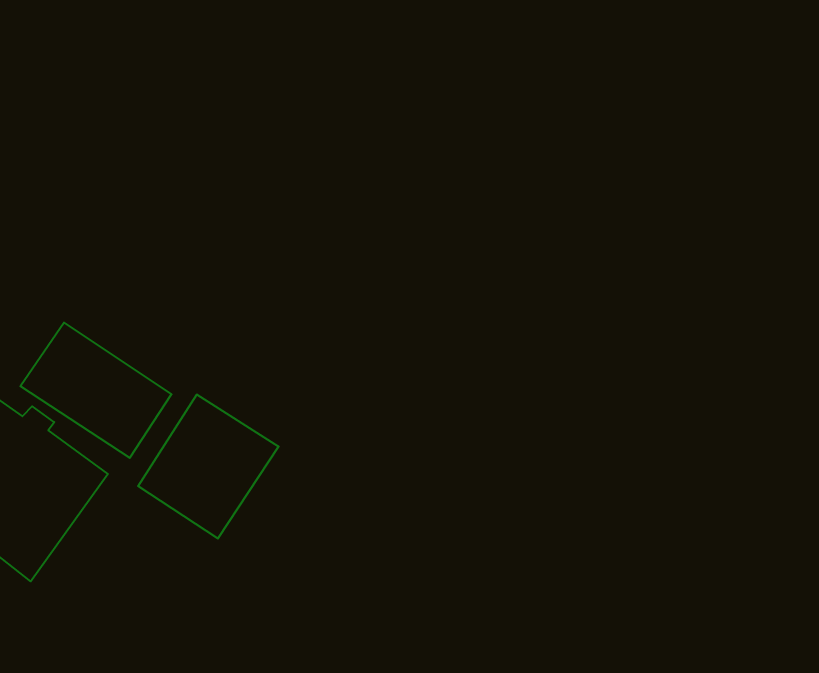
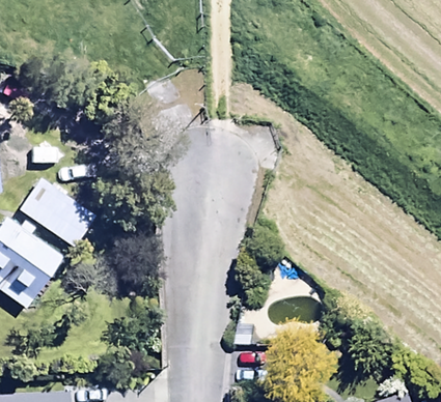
building: [138,394,279,539] -> none

